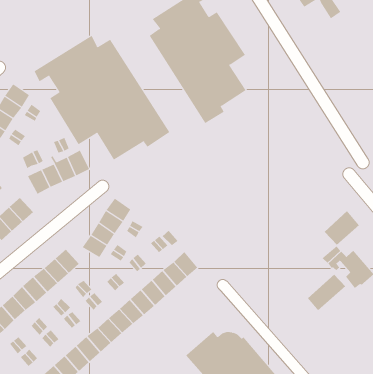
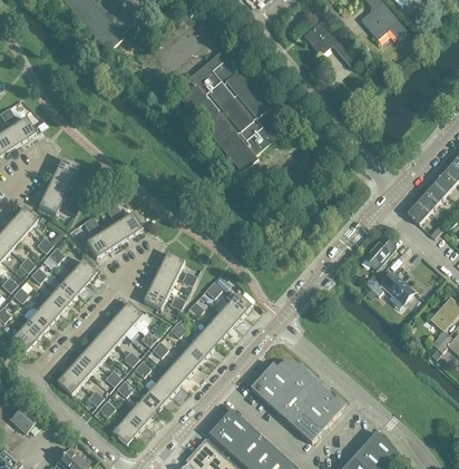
building: [34,35,170,161] -> none
building: [307,274,346,311] -> none

